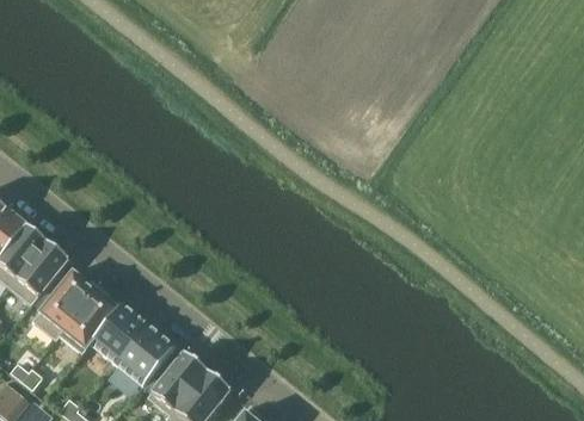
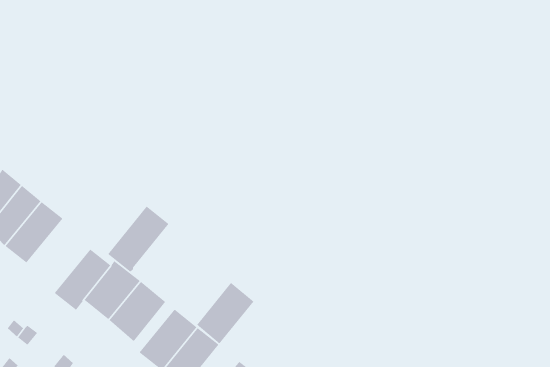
building: [32,270,97,339] -> [107,205,170,273]
building: none -> [196,282,254,345]

